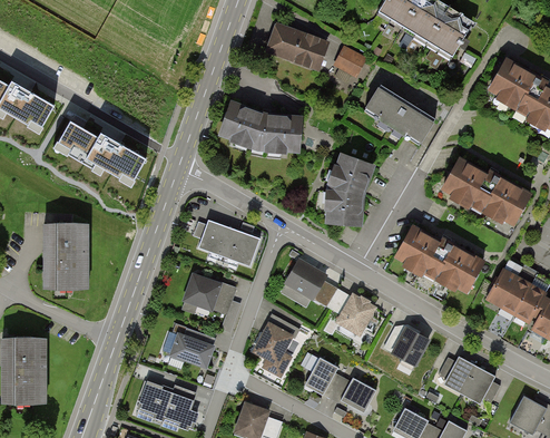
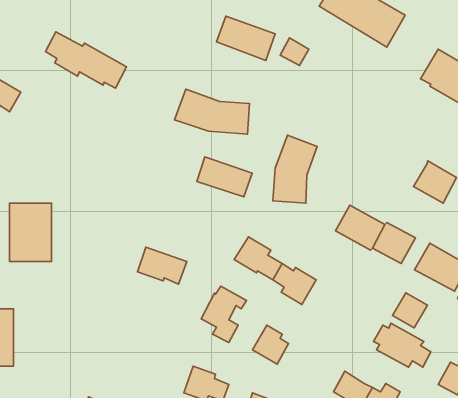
building: [365,85,435,144] -> none
building: [59,119,147,181] -> [46,32,127,88]
building: [441,162,495,211] -> none
building: [203,222,263,265] -> [197,157,252,197]
building: [392,328,430,366] -> [393,293,427,328]
building: [168,333,210,368] -> none
building: [333,378,377,413] -> none
building: [137,381,199,431] -> none

